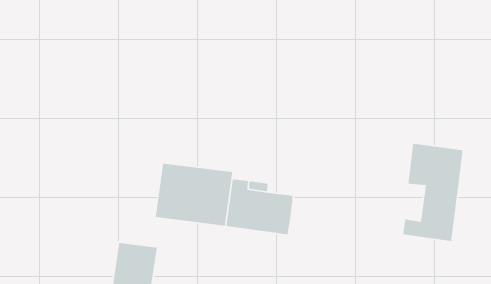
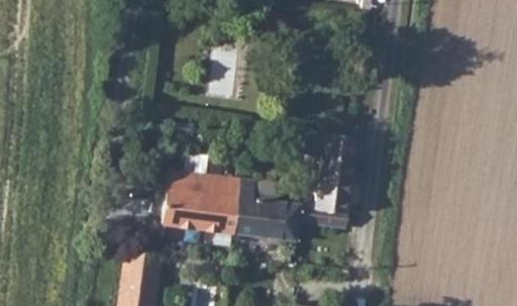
building: [403,143,463,242] -> [302,130,365,232]

